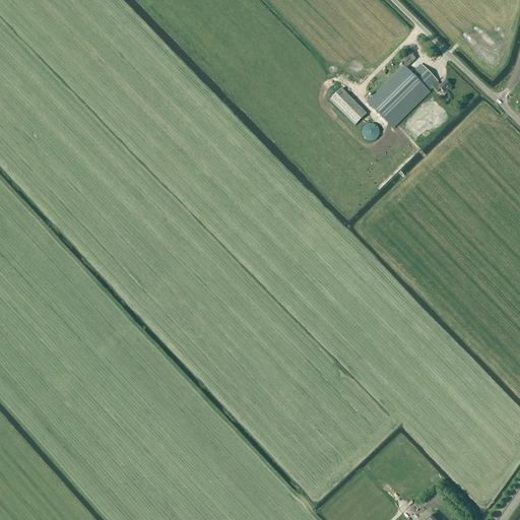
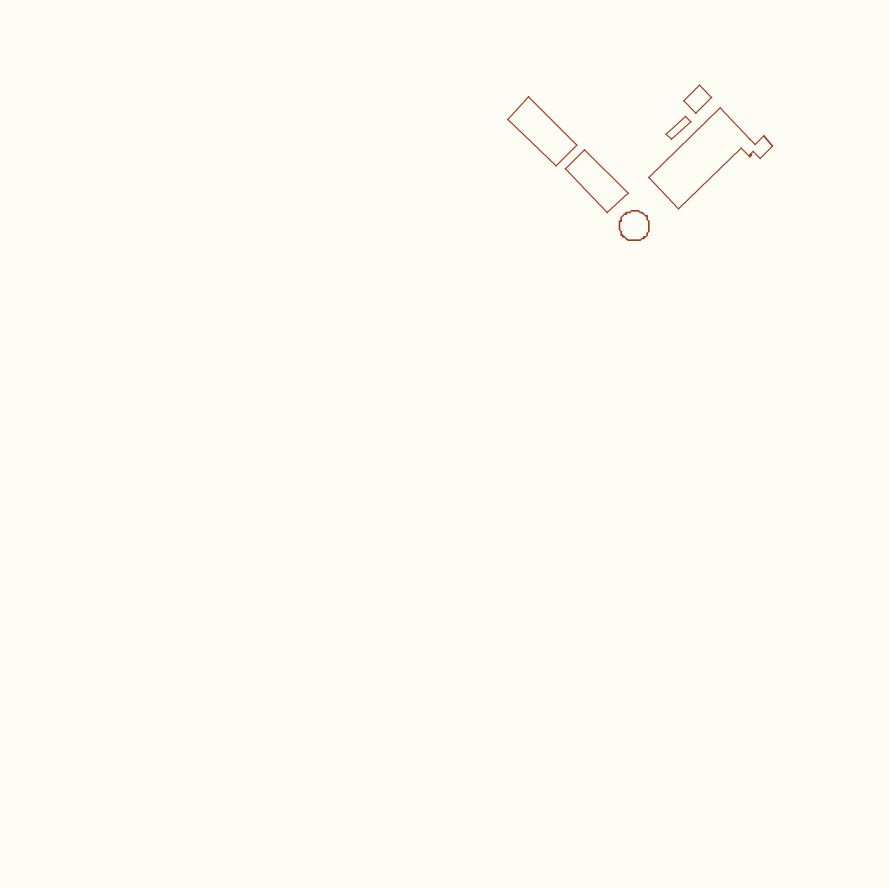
building: none -> [508,97,577,166]

